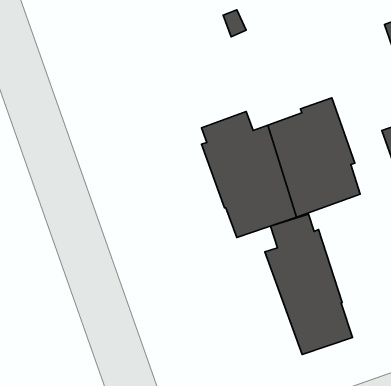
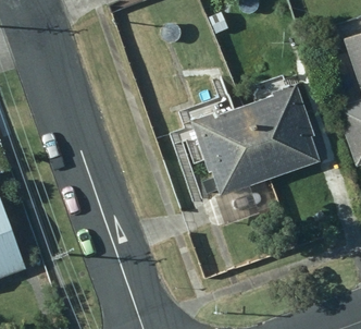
building: [265,214,352,355] -> none

